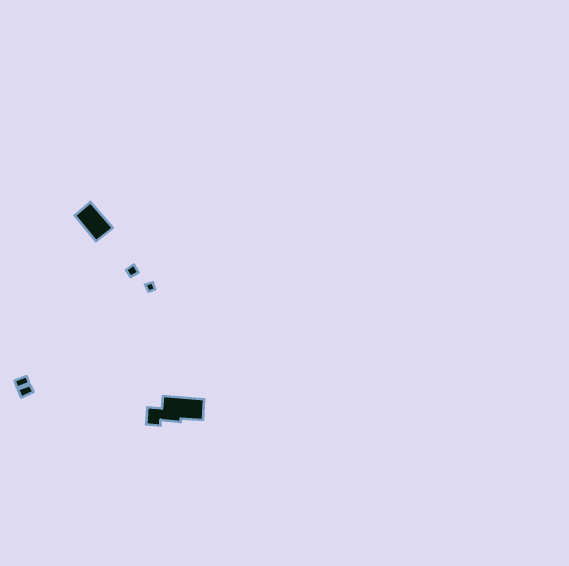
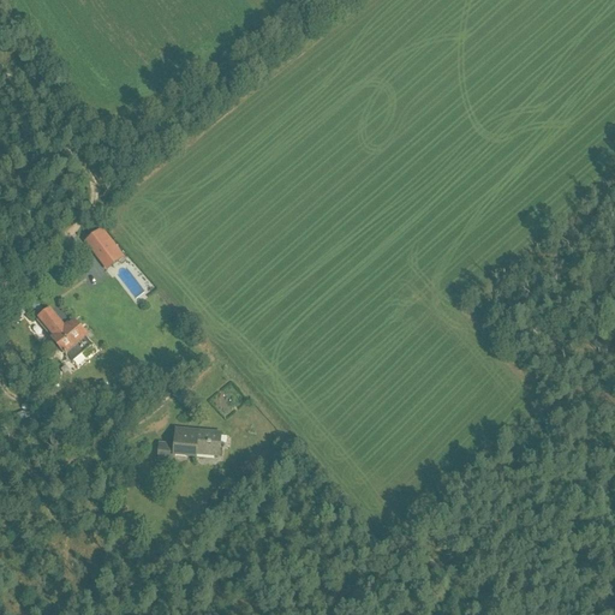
building: none -> [37,305,90,358]

